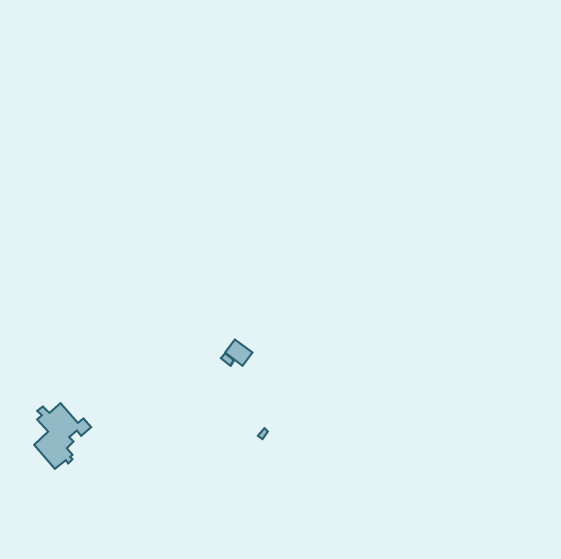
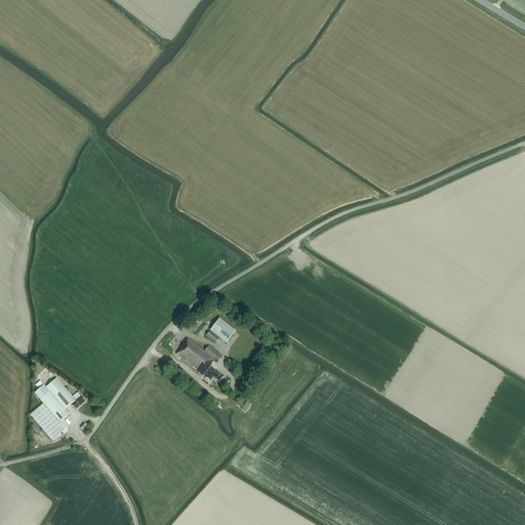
building: none -> [176,337,224,380]

